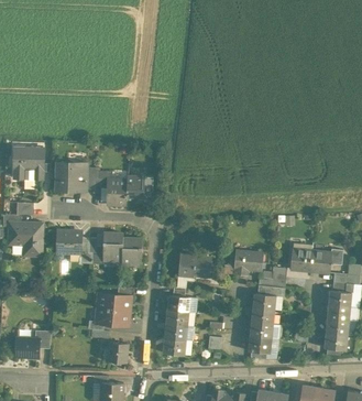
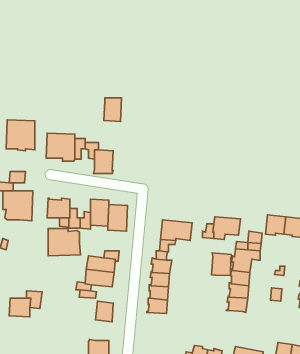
building: [125,177,144,203] -> [104,98,121,122]
building: none -> [48,229,81,256]
building: none -> [211,253,232,275]

